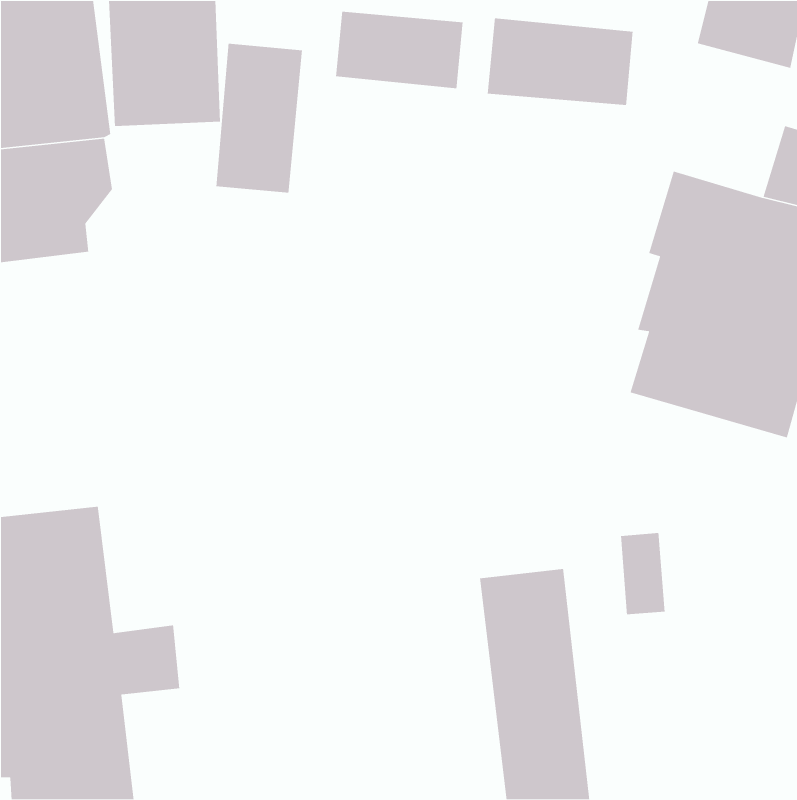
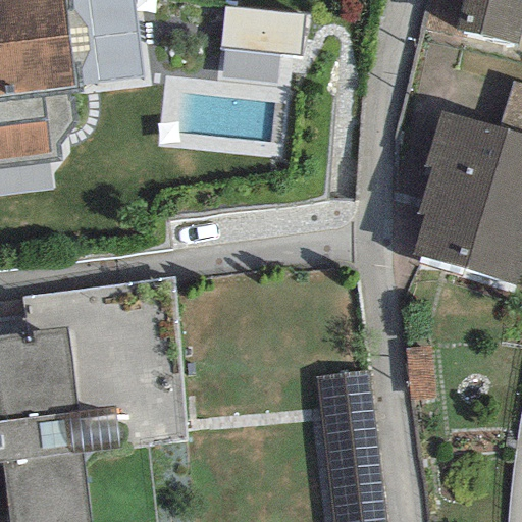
building: [487,18,634,106] -> none
building: [216,43,303,193] -> none

